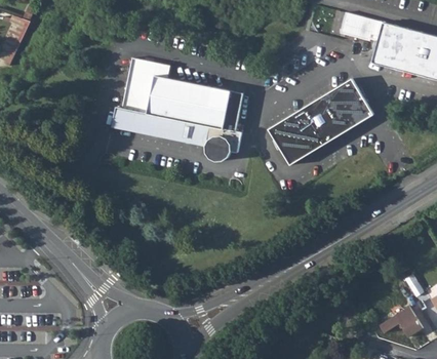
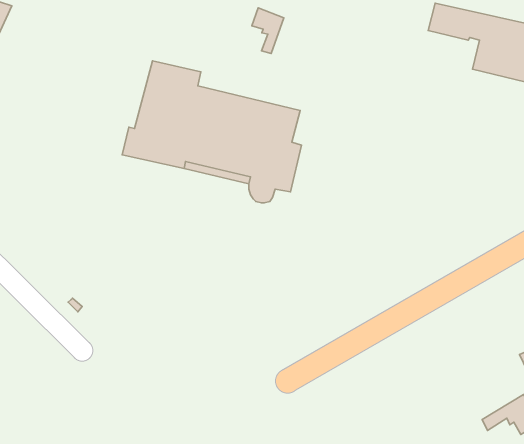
building: none -> [252,8,284,54]
building: [269,80,373,167] -> none

